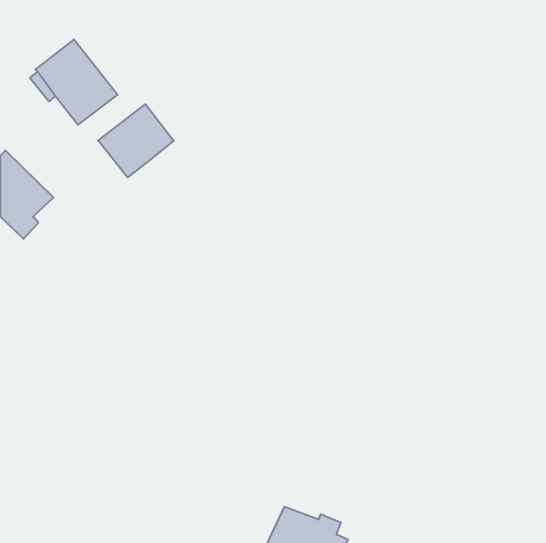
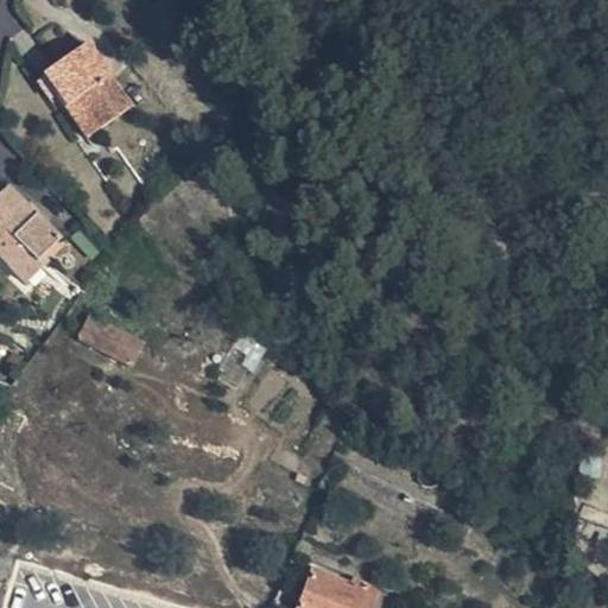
building: [98,104,174,177] -> none
building: none -> [74,316,138,363]

